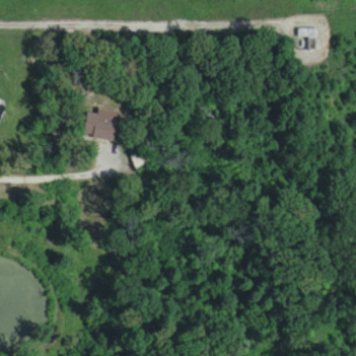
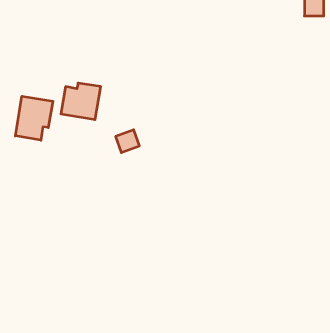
building: none -> [15,96,53,140]

